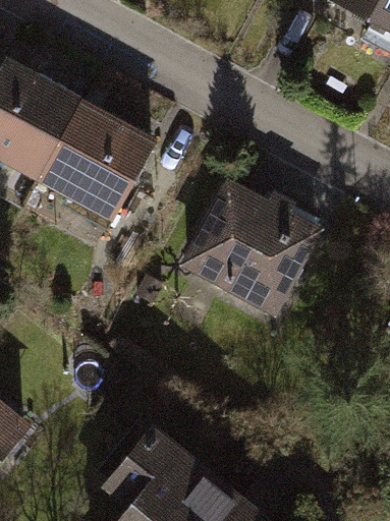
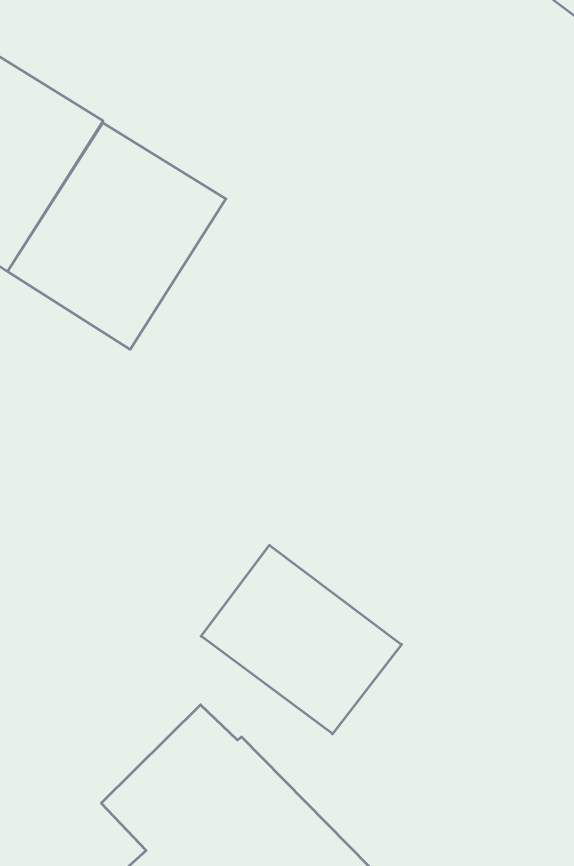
building: [173,172,326,322] -> none
building: none -> [201,545,402,734]

